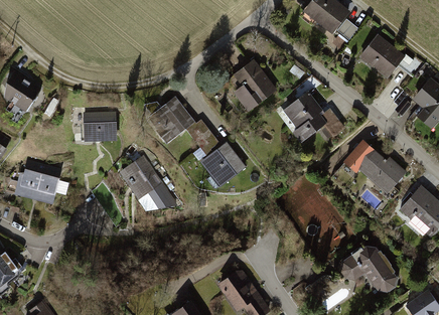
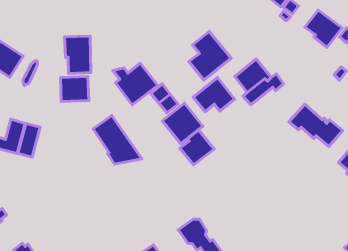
building: none -> [65,36,91,73]
building: none -> [193,77,234,112]
building: none -> [180,130,214,165]
building: [340,247,398,294] -> none

